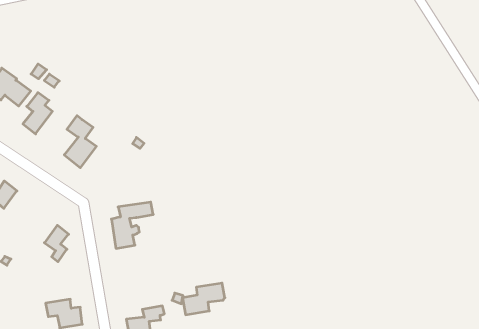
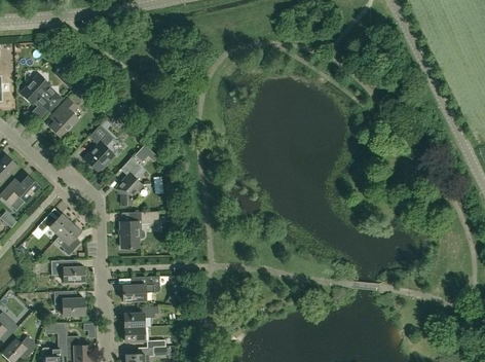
building: none -> [116,158,142,205]
building: none -> [37,213,71,237]
building: none -> [50,260,83,282]
building: [183,283,225,315] -> [122,277,160,301]

